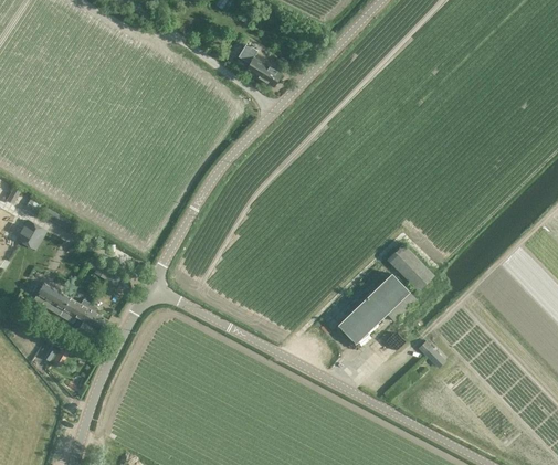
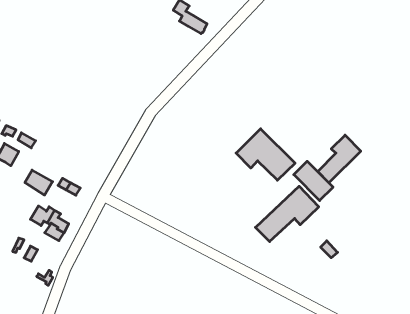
building: none -> [236,129,295,180]
building: none -> [318,135,361,183]
building: [34,283,69,314] -> [25,170,53,195]

